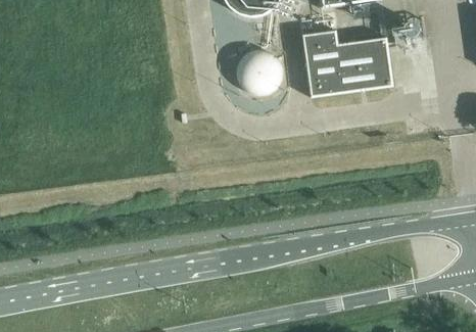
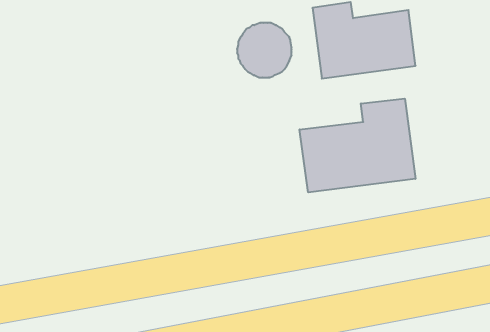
building: none -> [300,99,415,192]

